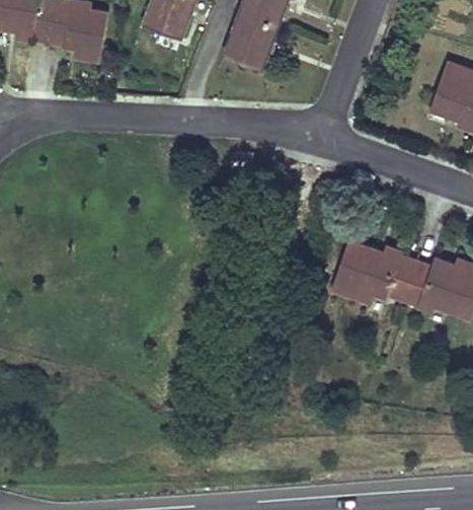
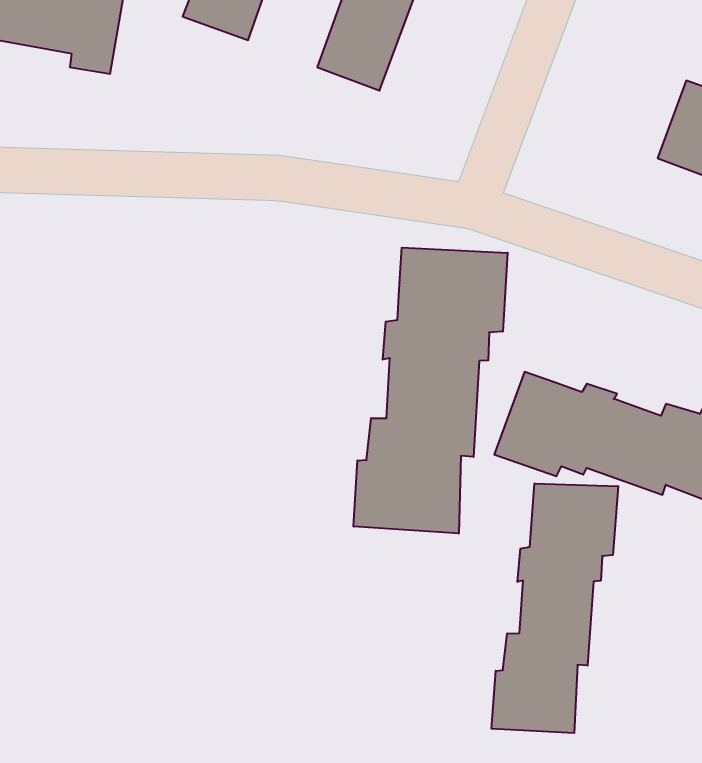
building: none -> [354,248,508,534]
building: none -> [491,483,618,733]

